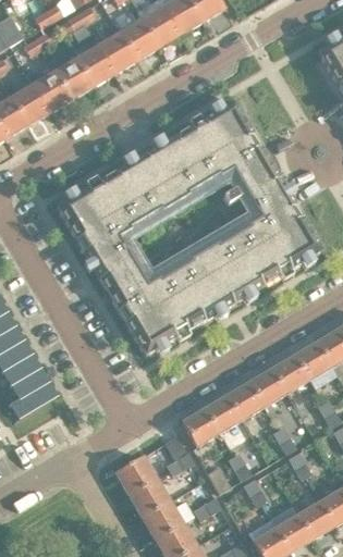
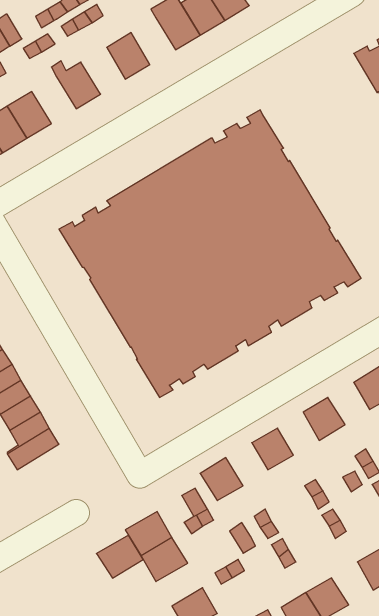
building: [120,18,159,60] -> none
building: [75,45,114,86] -> none
building: [27,70,71,112] -> none
building: [294,342,331,379] -> none
building: [249,368,286,406] -> none
building: [204,395,241,433] -> none
building: [297,500,334,539] -> none
building: [142,502,183,540] -> [96,535,143,578]

